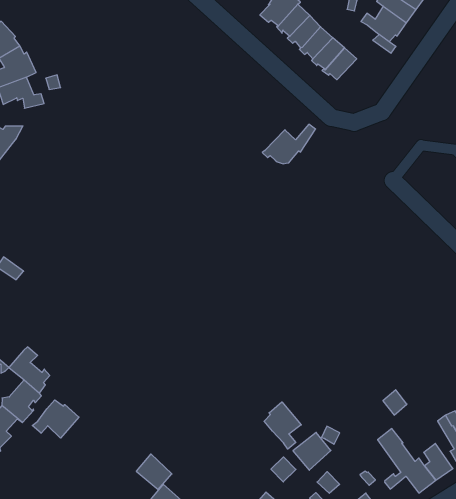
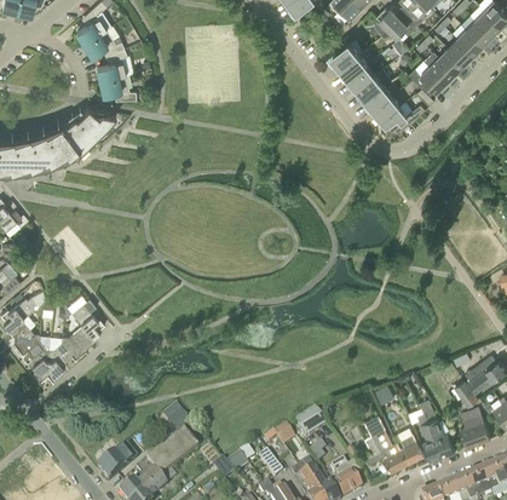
building: [262,124,316,164] -> [379,104,426,133]
building: [32,400,79,438] -> none
building: [264,402,301,449] -> none

